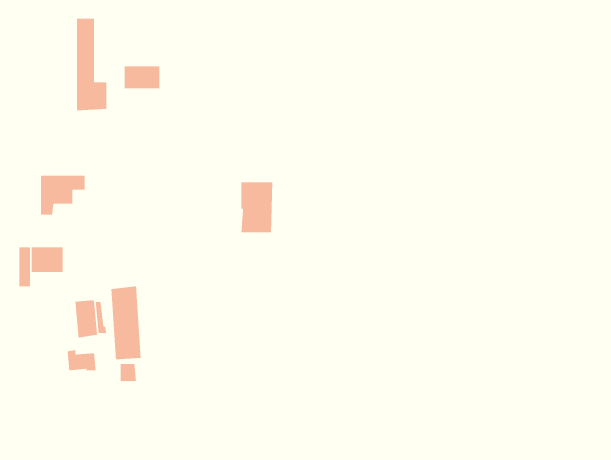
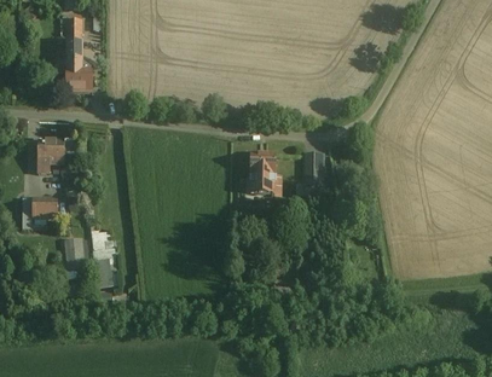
building: [124,66,160,89] -> none
building: [241,182,273,233] -> [250,153,276,193]
building: none -> [305,153,322,185]

